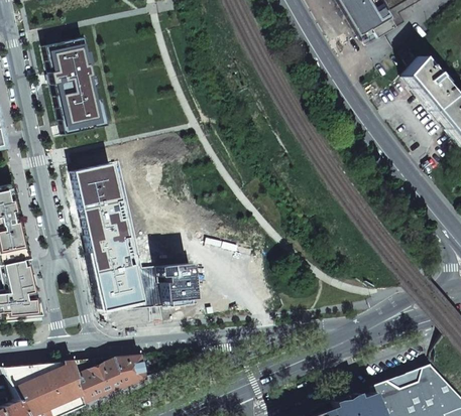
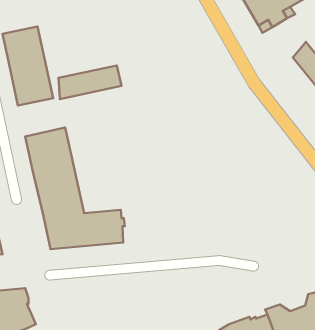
building: none -> [58,65,121,99]
building: [72,354,145,405] -> none

